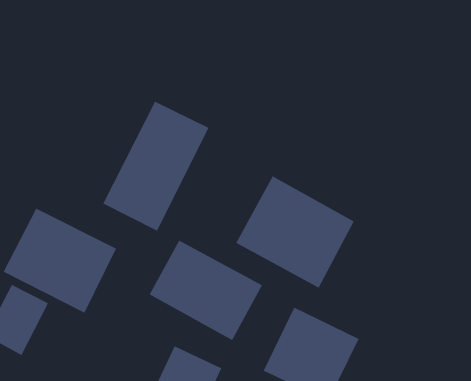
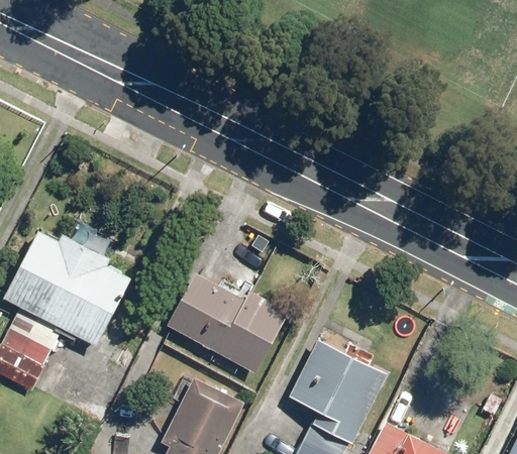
building: [103,101,209,231] -> none
building: [236,175,355,288] -> none

